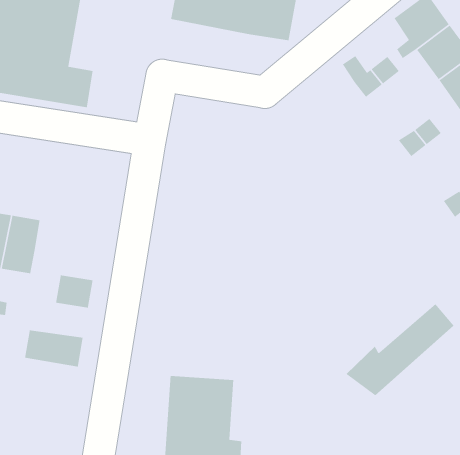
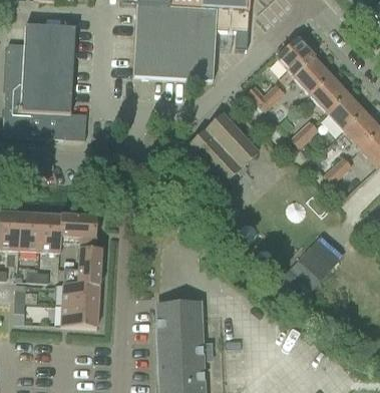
building: none -> [188,112,258,182]
building: none -> [62,215,103,250]
building: none -> [64,267,101,288]
building: none -> [62,306,99,326]

